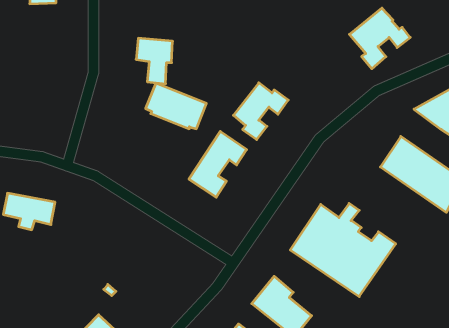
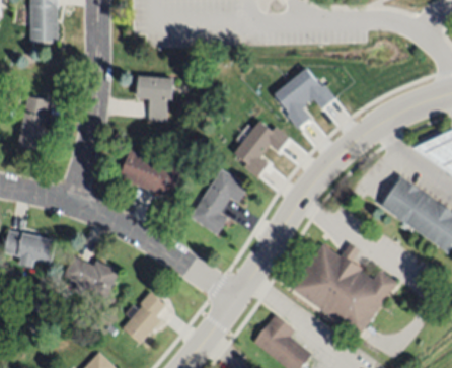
building: [349,8,410,69] -> [273,67,333,128]
building: none -> [18,96,50,151]
building: [146,83,206,129] -> [121,150,181,196]
building: none -> [63,255,120,297]
building: none -> [123,292,165,344]

